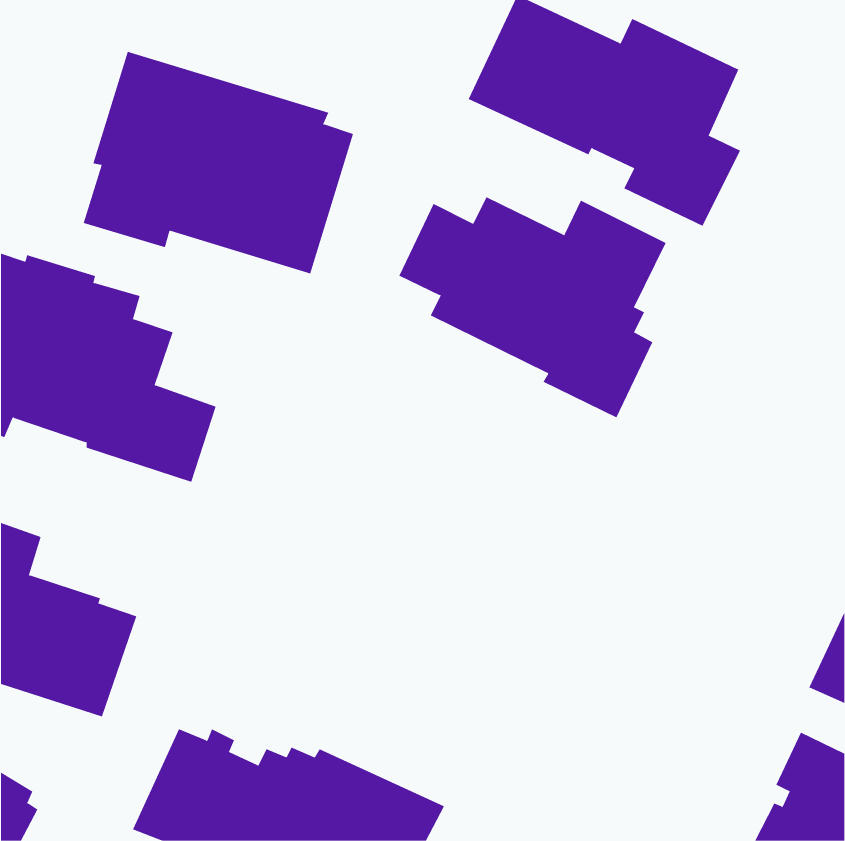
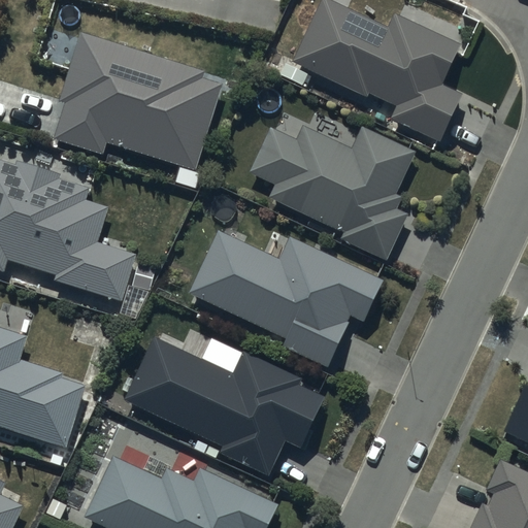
building: none -> [187,224,384,368]
building: none -> [123,331,323,477]

